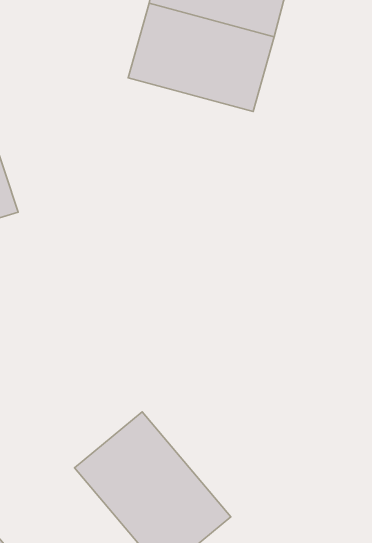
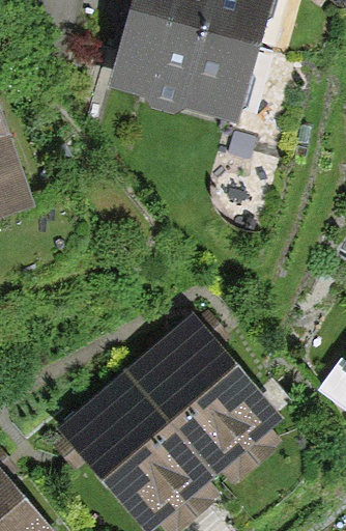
building: none -> [133,327,271,471]

